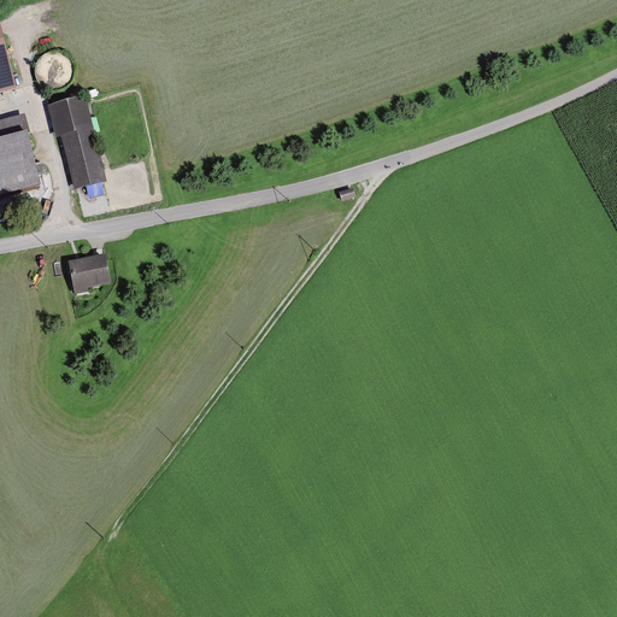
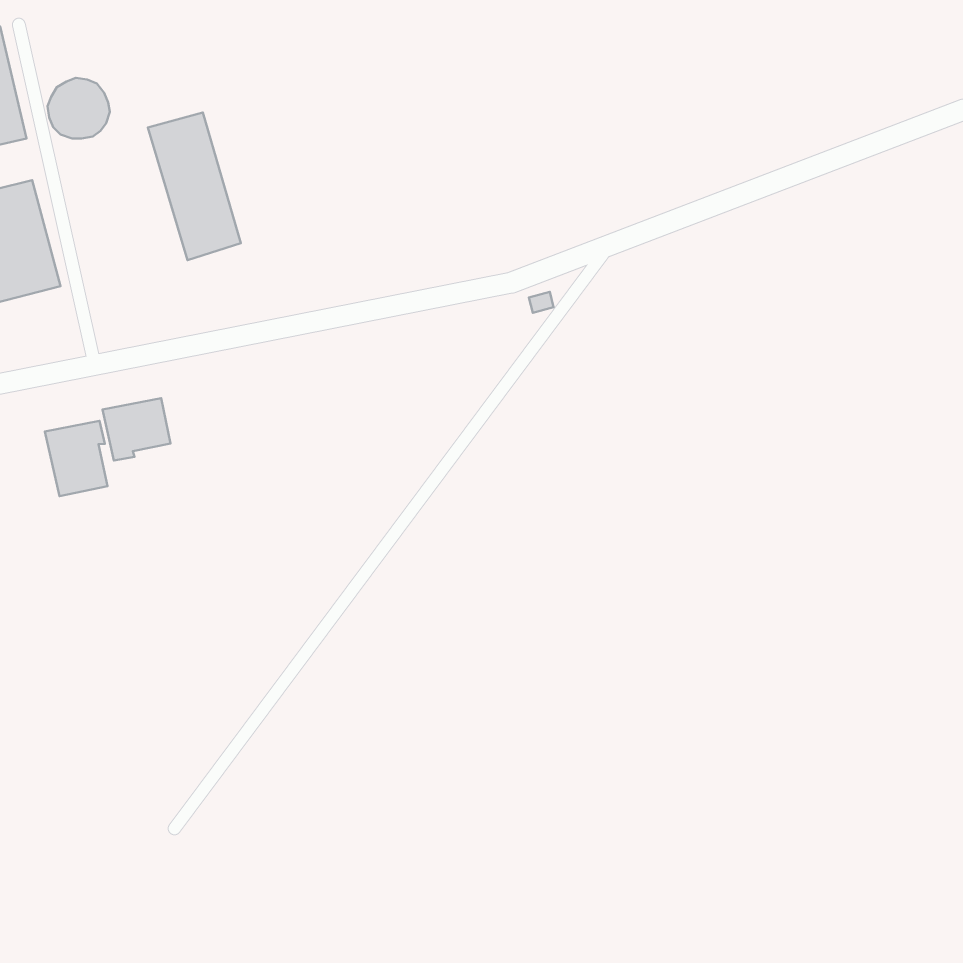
building: [46,94,105,188] -> [148,112,241,260]
building: none -> [45,421,108,496]

